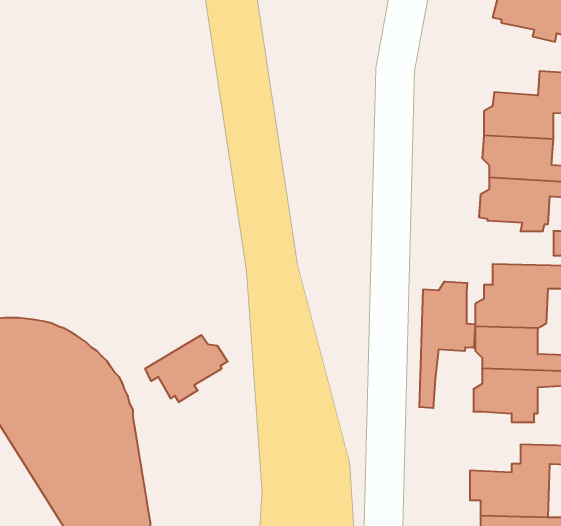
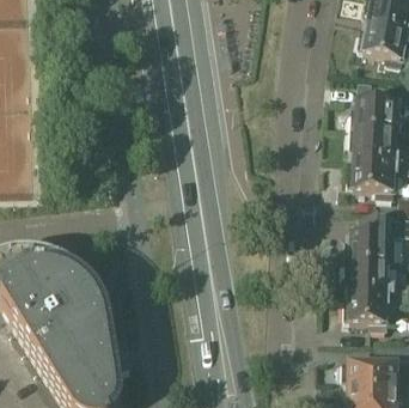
building: [419,281,475,408] -> none
building: [145,335,228,402] -> none

